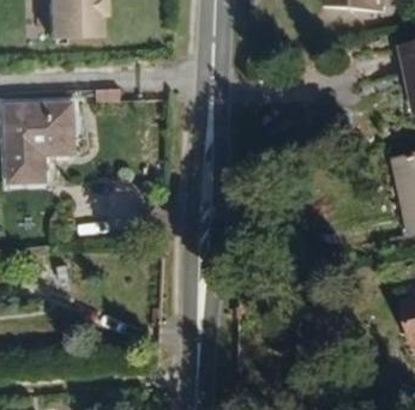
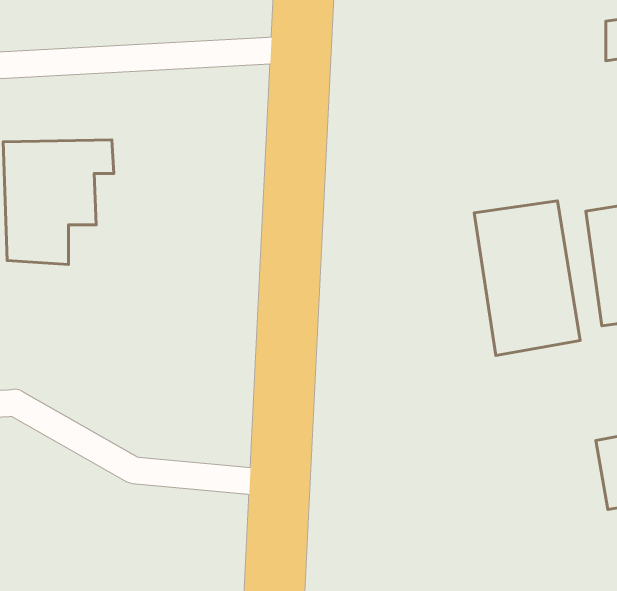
building: none -> [474,201,580,355]

